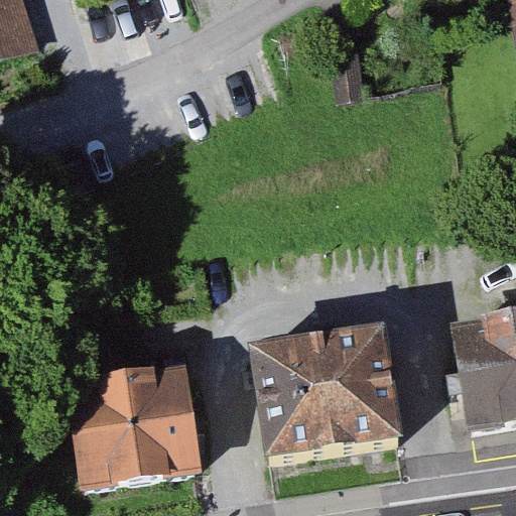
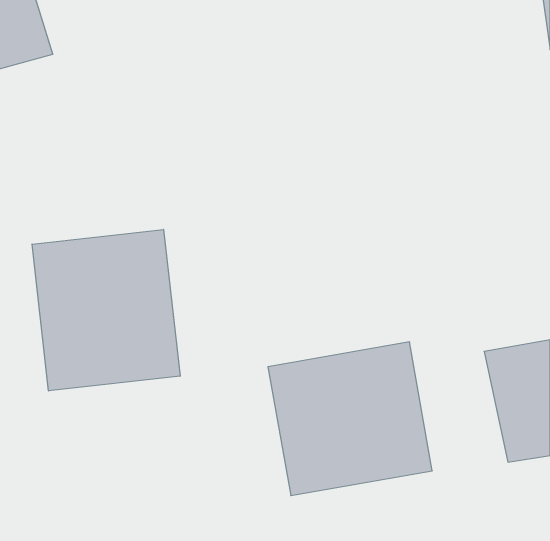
building: none -> [32,229,180,391]
building: [71,363,196,484] -> none

